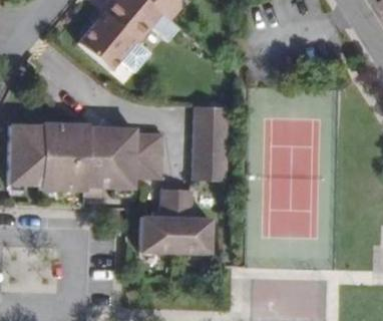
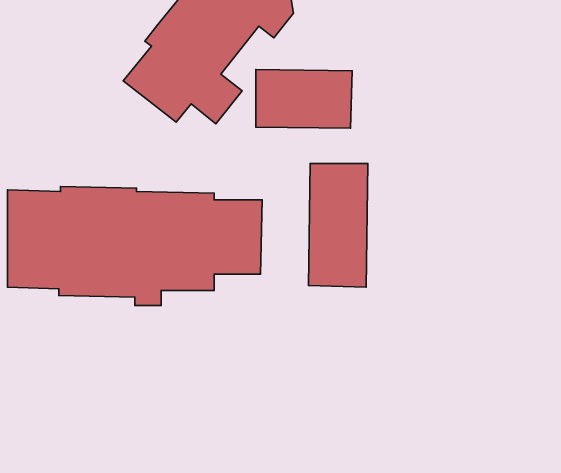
building: none -> [256,70,352,128]
building: [141,191,213,255] -> none

